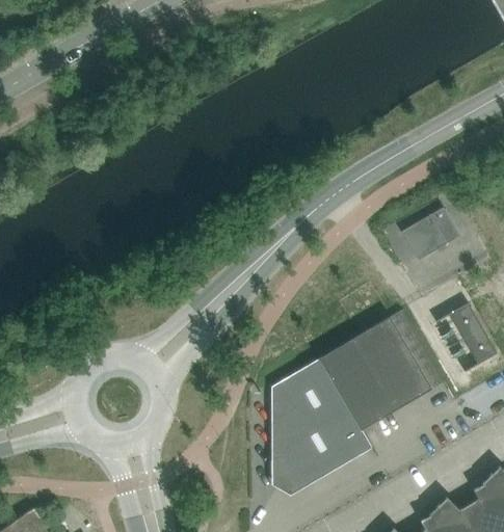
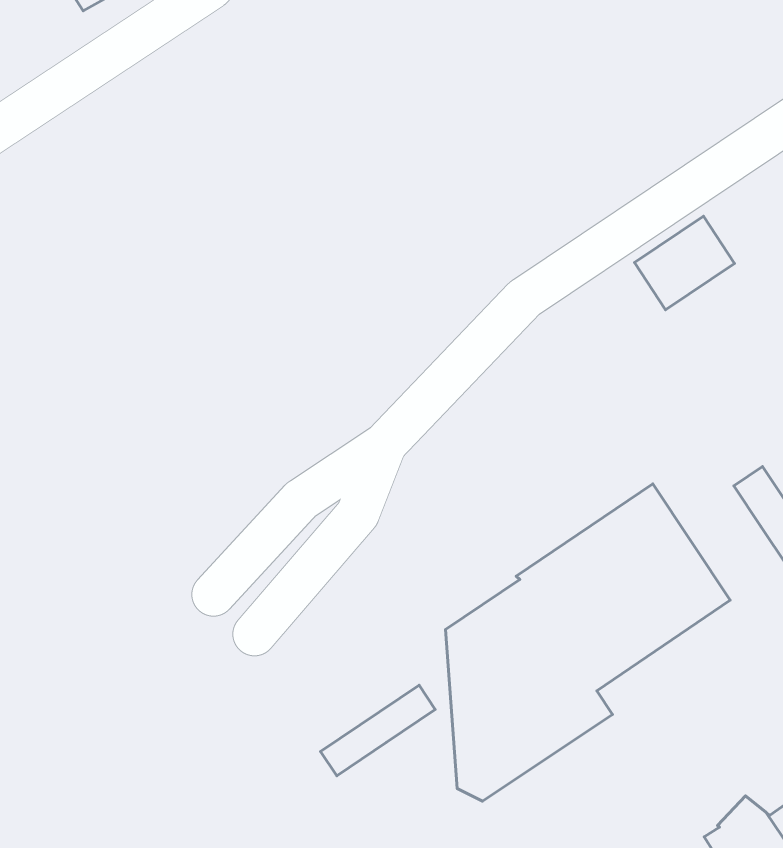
building: [400,208,459,262] -> [634,216,735,310]
building: none -> [321,685,435,776]

